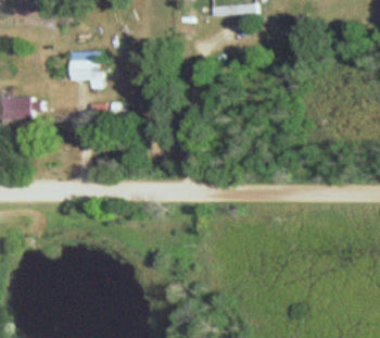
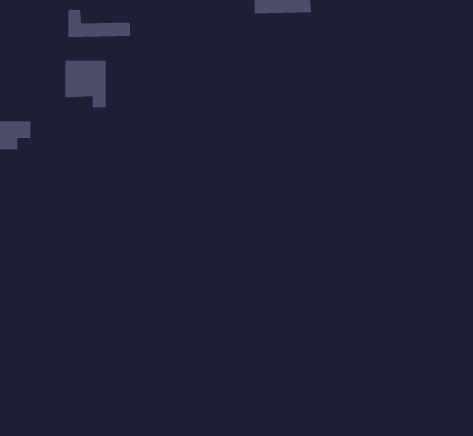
building: none -> [68,9,131,38]

